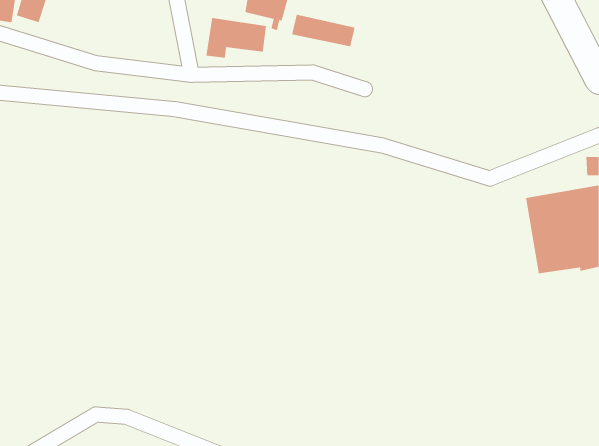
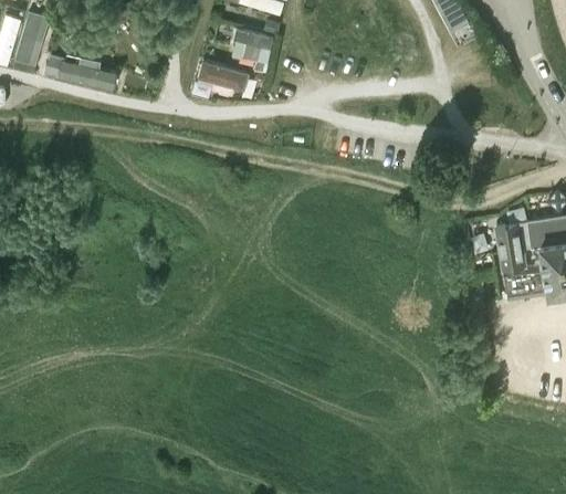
building: none -> [46,51,122,91]
building: [291,14,355,47] -> none

